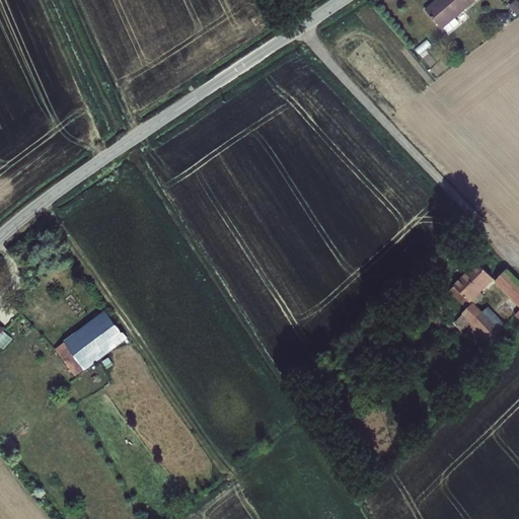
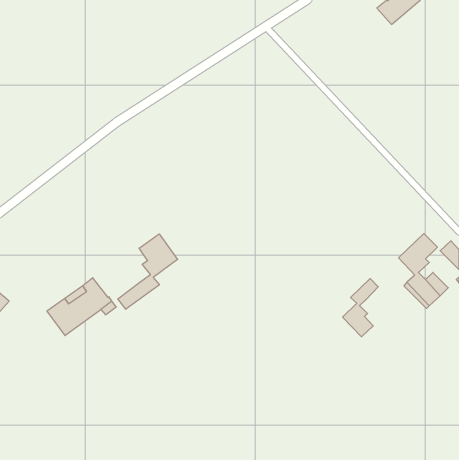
building: none -> [118,234,178,309]
building: none -> [343,279,378,337]

